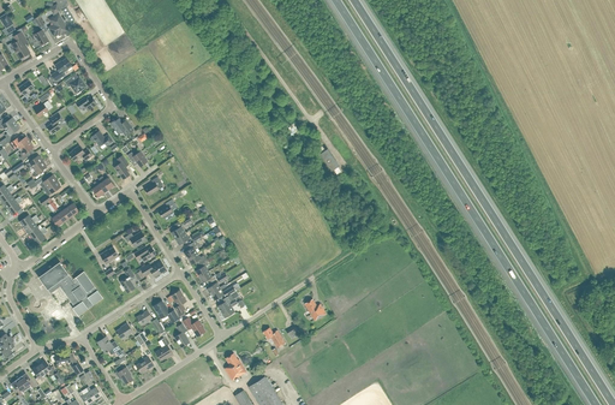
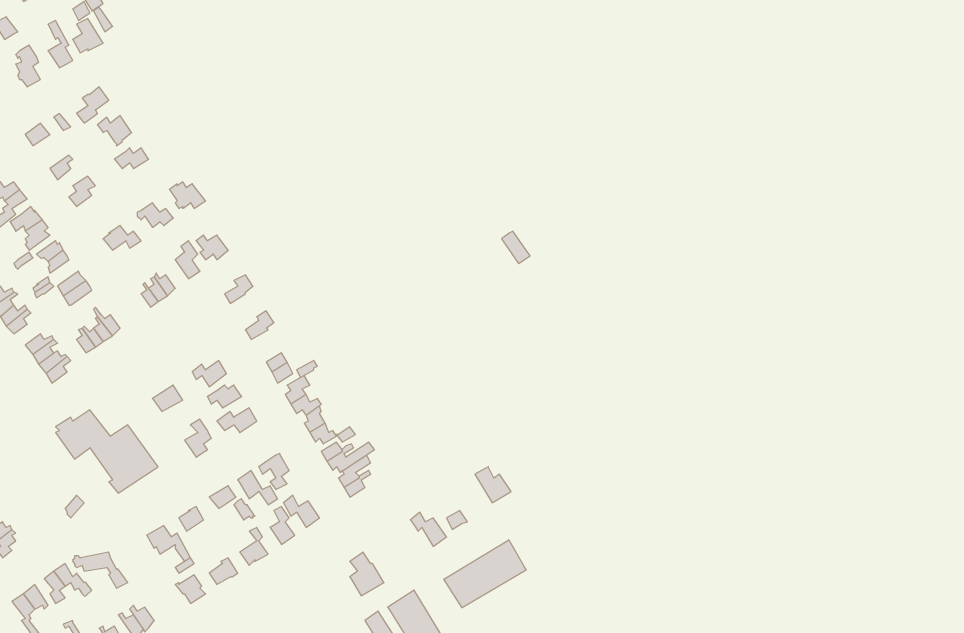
building: none -> [444,540,526,608]

